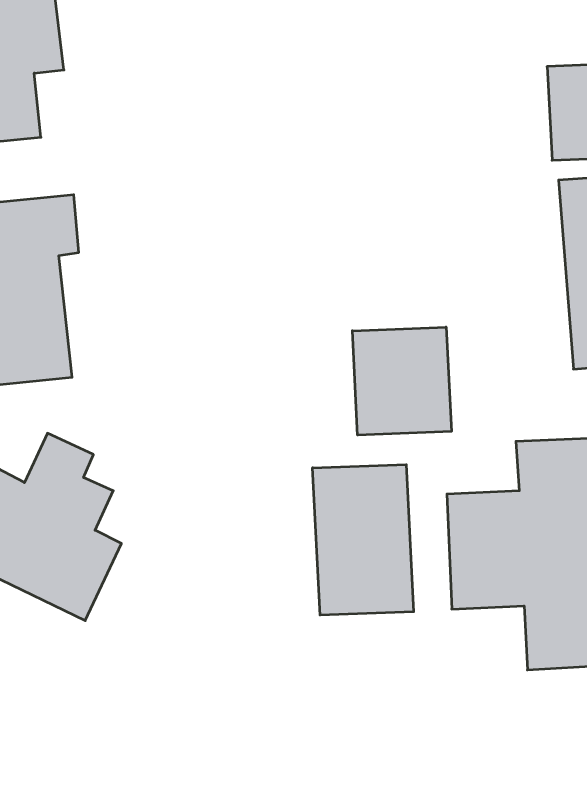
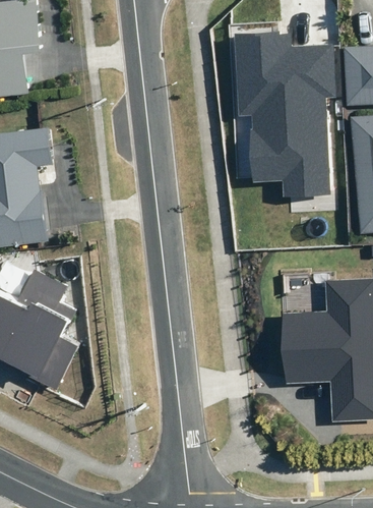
building: none -> [234,31,334,195]
building: [352,327,451,435] -> none
building: [313,465,414,615] -> none

